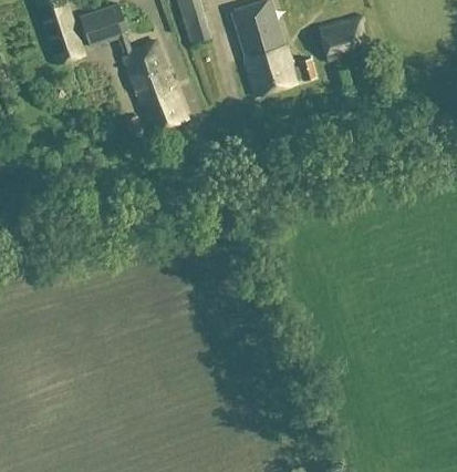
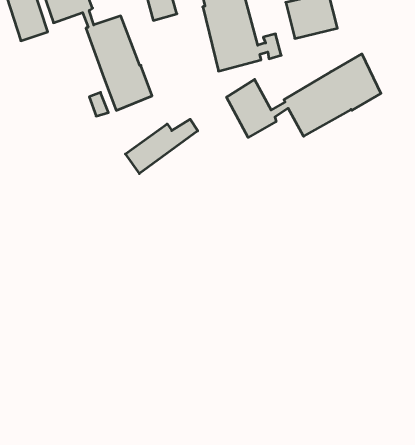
building: none -> [227,54,381,137]
building: none -> [125,119,198,174]

